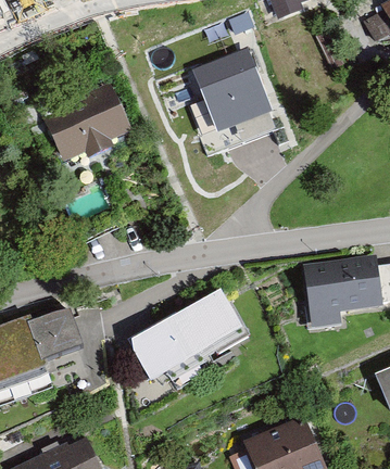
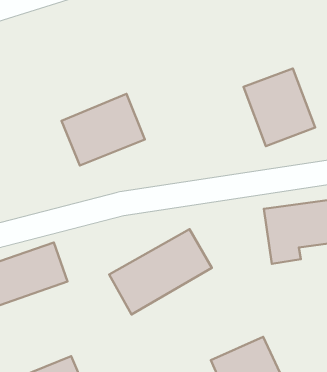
building: [190,49,271,136] -> [243,68,315,146]
building: [42,84,136,164] -> [62,94,145,166]

